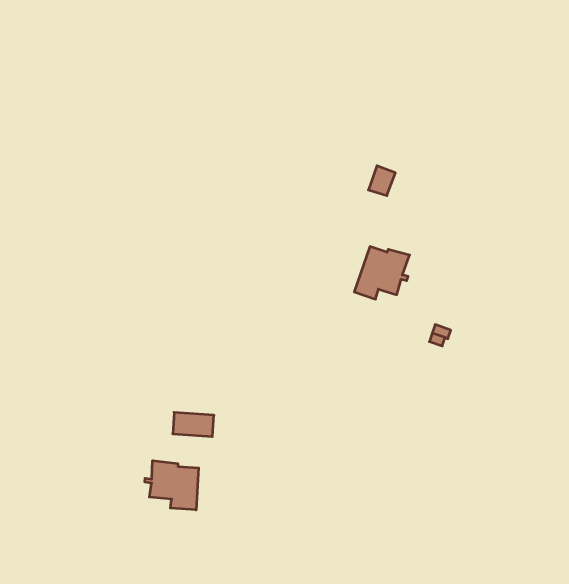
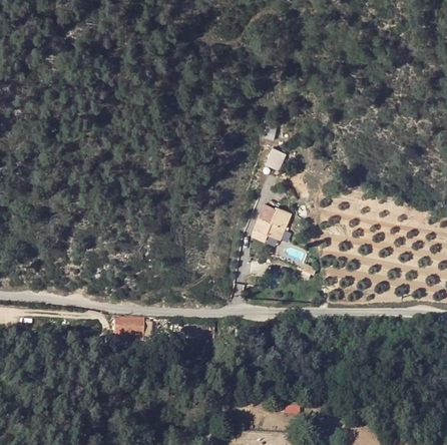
building: [145,461,199,510] -> none

